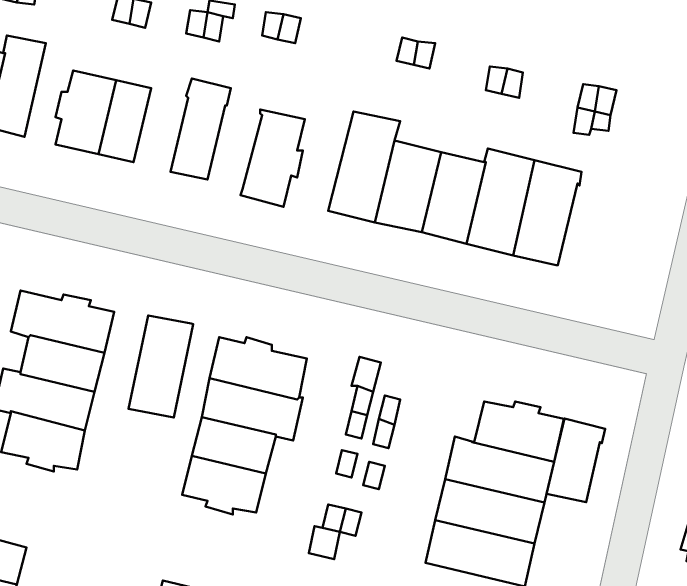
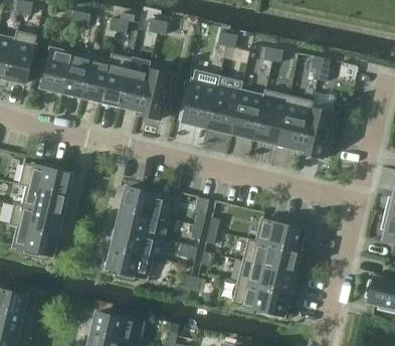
building: none -> [81,58,110,102]
building: none -> [120,67,148,111]
building: none -> [299,108,333,158]
building: [129,316,193,418] -> none
building: [546,418,605,502] -> none

